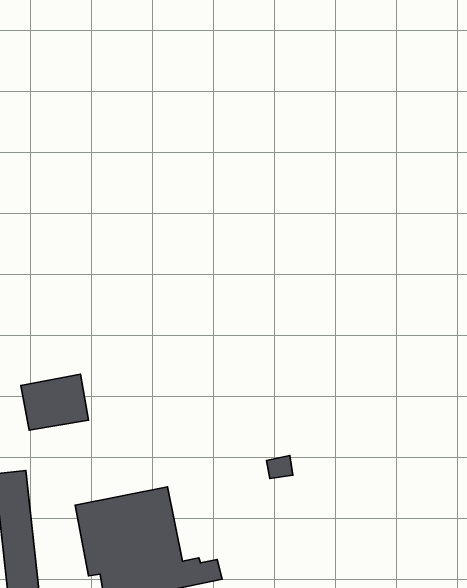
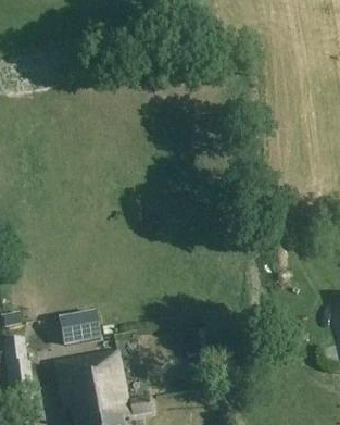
building: [21,374,89,430] -> [50,308,95,345]

